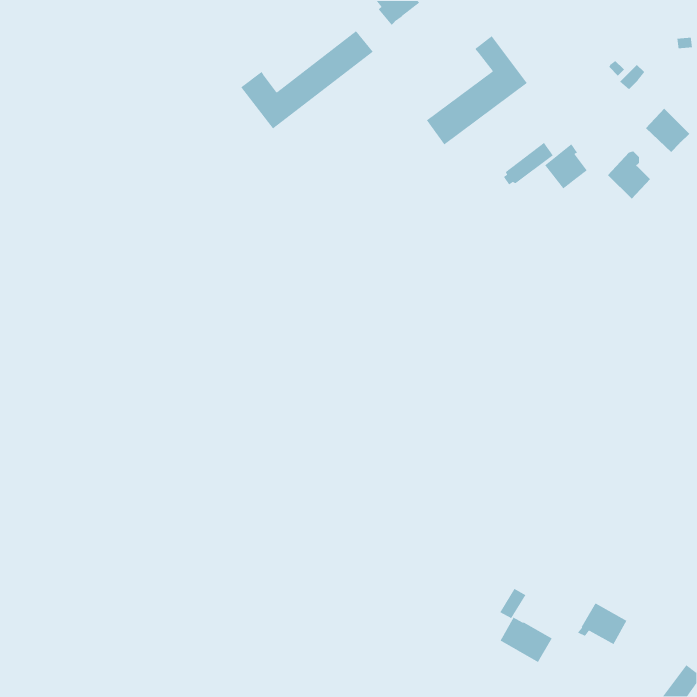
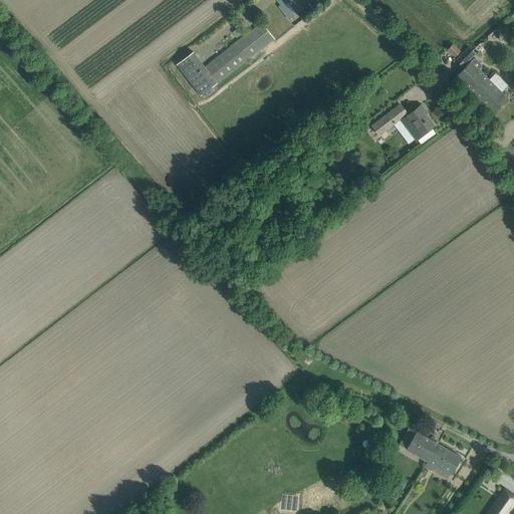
building: [426,35,528,146] -> none
building: [607,150,651,200] -> [457,58,489,94]
building: [500,616,553,663] -> [399,428,438,462]

